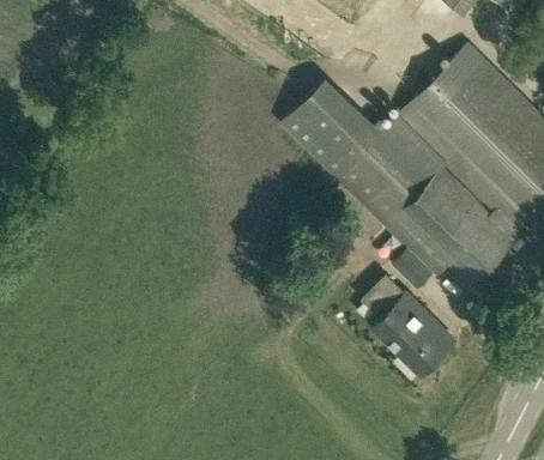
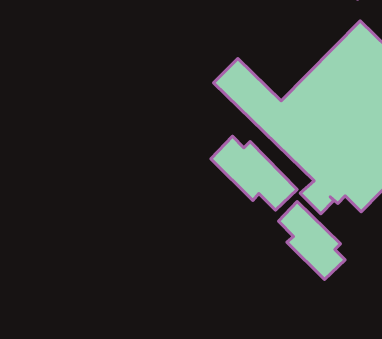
building: none -> [211,136,297,210]

